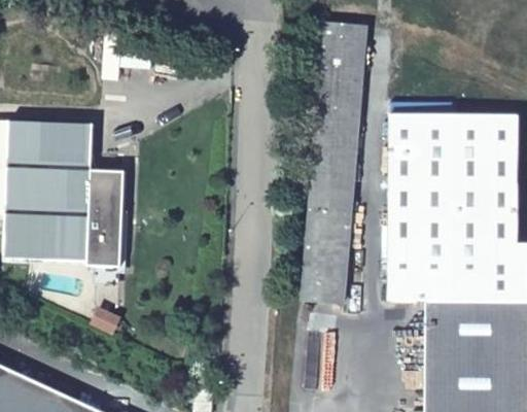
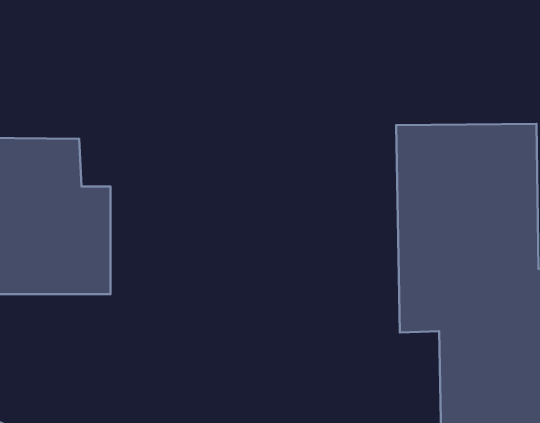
building: [300,25,357,304] -> none

